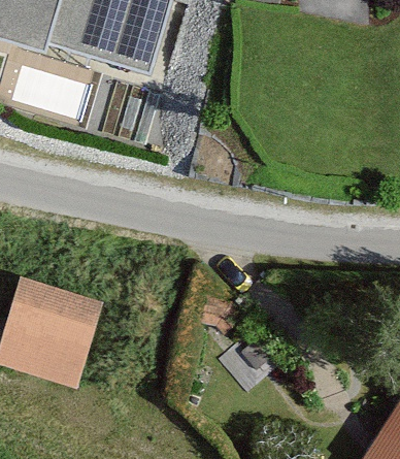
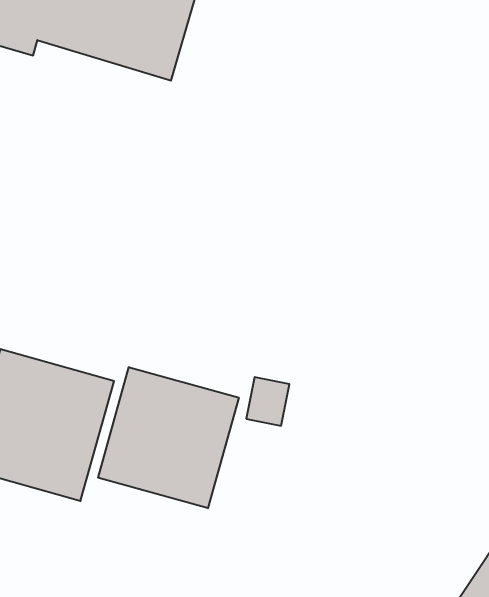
building: none -> [98,367,239,508]

